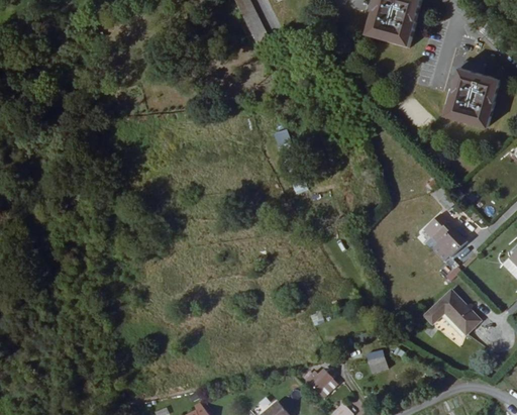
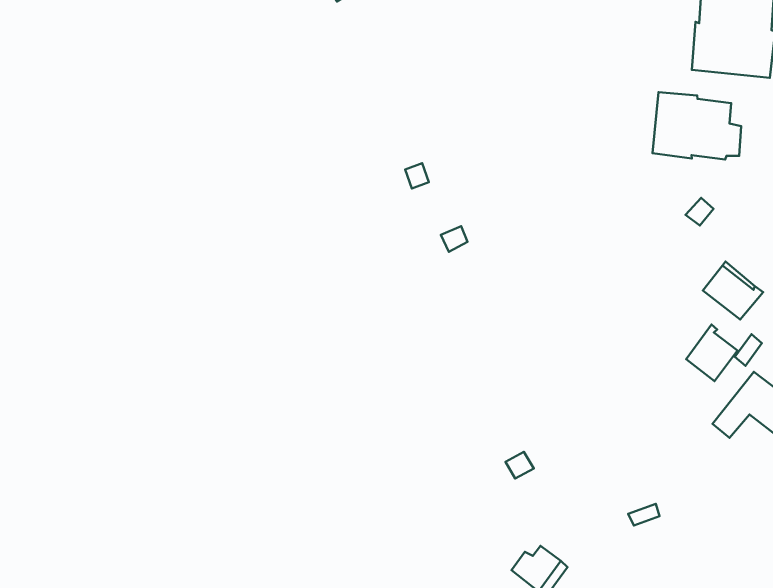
building: none -> [652,92,741,160]
building: none -> [686,325,737,381]

